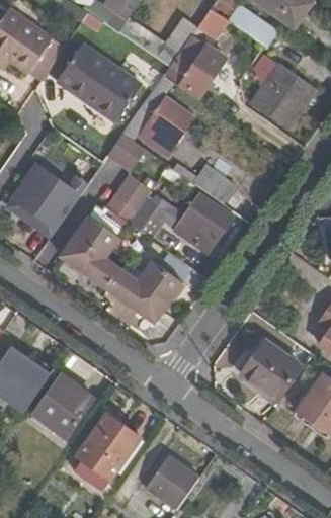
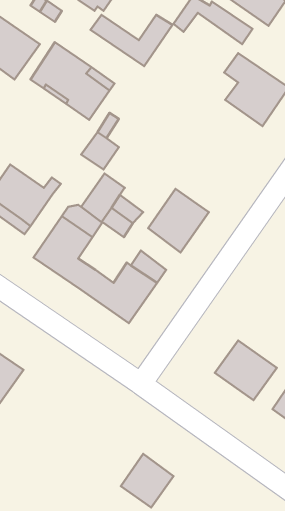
building: [180,46,225,95] -> none
building: [140,98,190,153] -> none
building: [192,166,235,205] -> none
building: [31,373,93,437] -> none
building: [76,414,139,479] -> none

